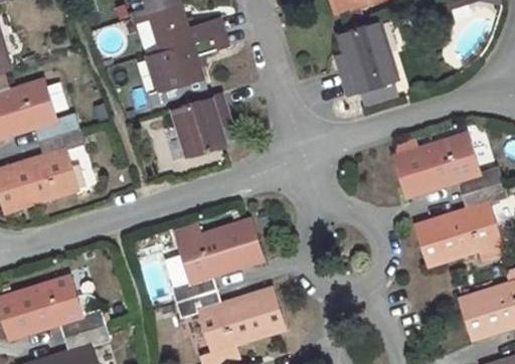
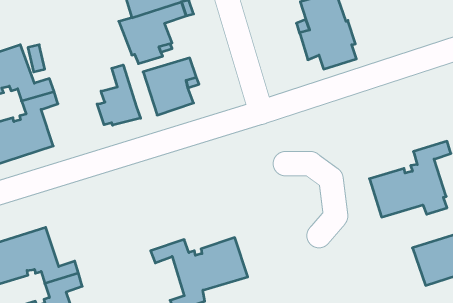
building: none -> [97,65,141,125]
building: [393,136,498,197] -> none
building: [174,220,262,302] -> none

